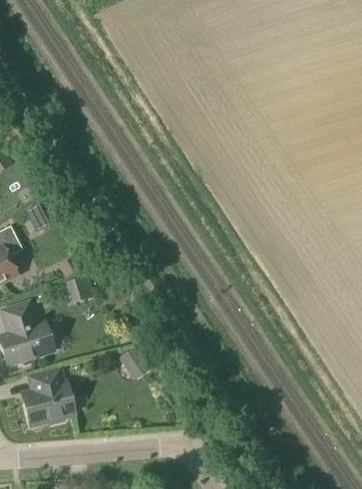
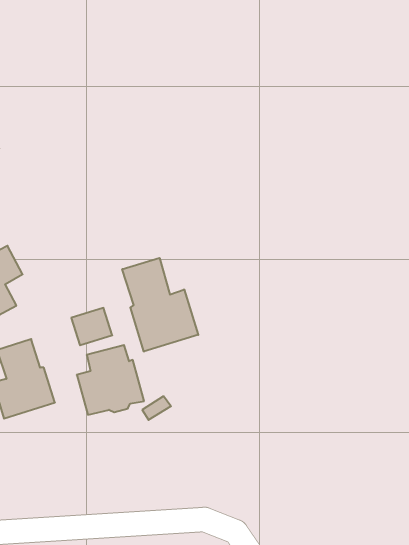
building: none -> [122,258,198,352]
building: [21,369,75,425] -> [77,345,144,415]

